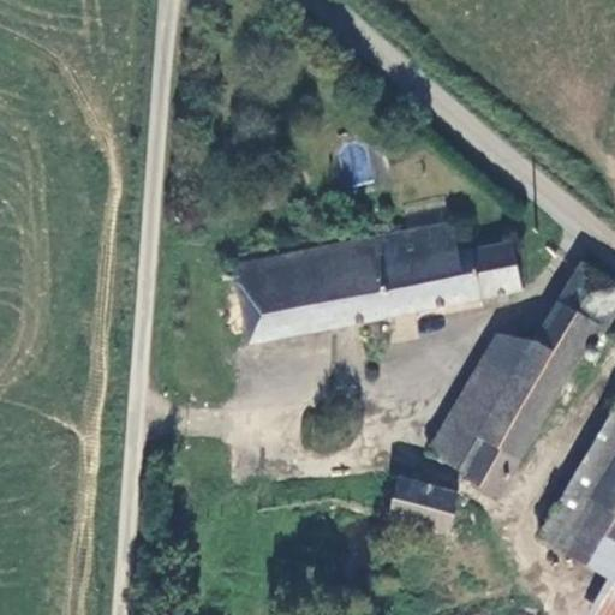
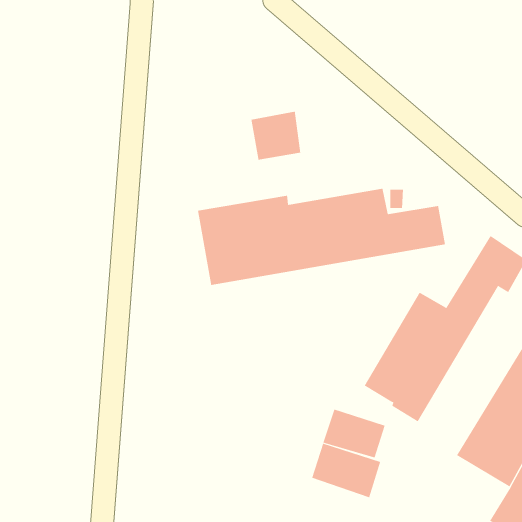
building: none -> [251,111,301,161]
building: none -> [311,443,381,498]

